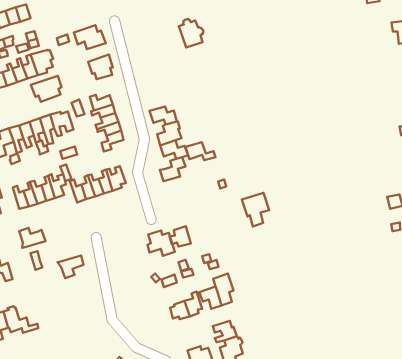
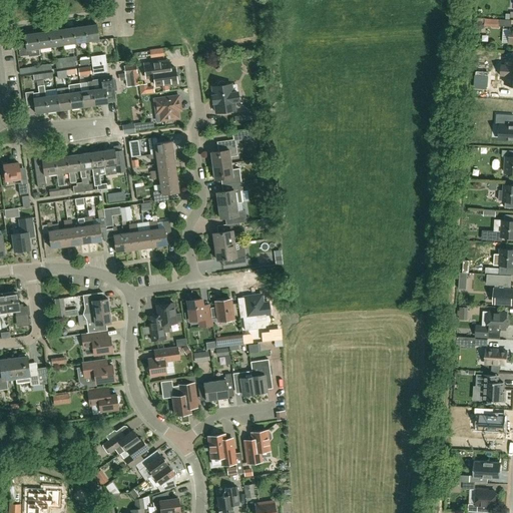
building: [179,19,203,48] -> [211,81,237,112]
building: [31,76,62,102] -> none
building: none -> [210,139,237,165]
building: [185,142,215,160] -> [214,243,245,264]
building: [242,193,269,227] -> [237,296,266,331]
building: [19,228,45,248] -> [82,294,109,315]
building: none -> [148,301,180,341]
building: none -> [81,332,111,355]
building: none -> [146,350,179,376]
building: none -> [82,360,113,383]
building: none -> [172,384,196,416]
building: [213,321,237,342] -> none
building: none -> [87,389,119,415]

